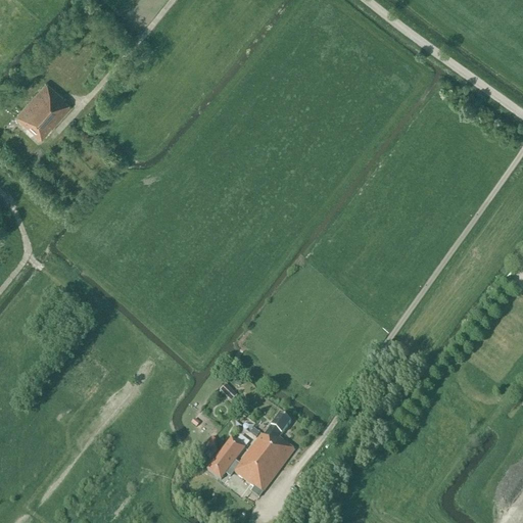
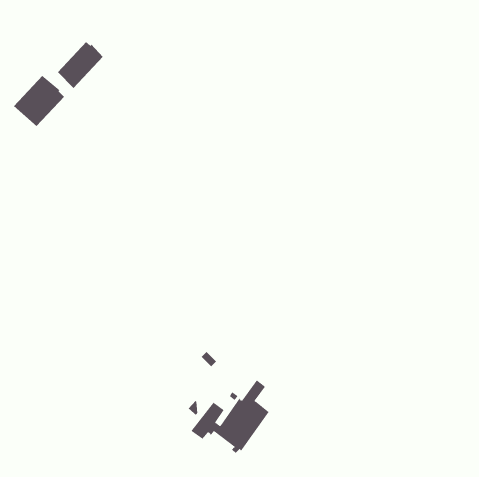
building: none -> [57,41,103,89]

